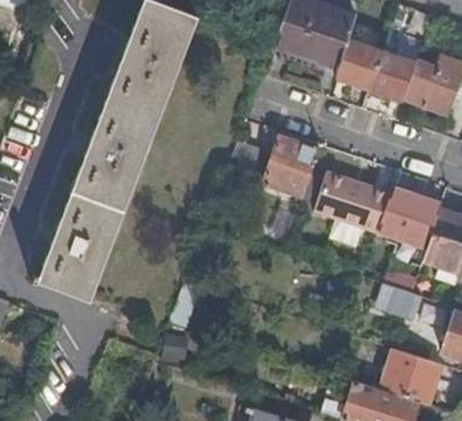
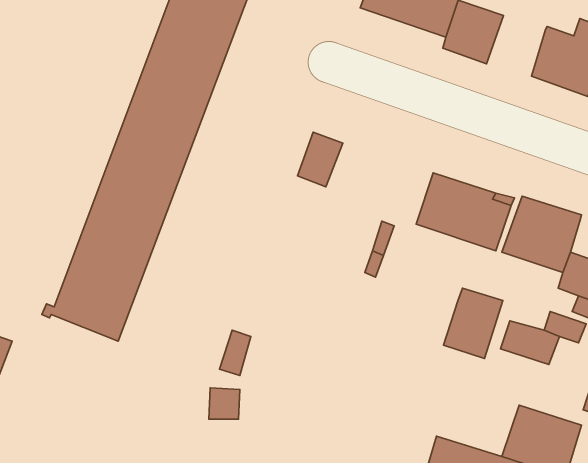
building: [370,52,415,100] -> none
building: [265,138,320,204] -> none
building: none -> [443,288,503,358]

